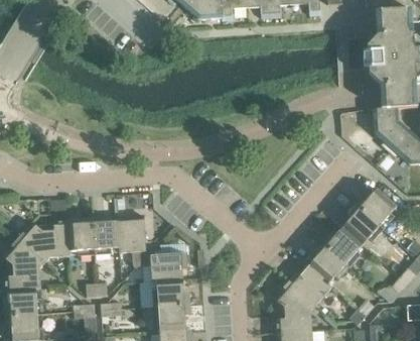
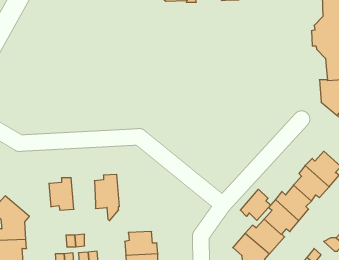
building: [92,218,119,254] -> none
building: [17,220,69,262] -> none
building: none -> [240,189,271,220]
building: [135,253,186,281] -> none

